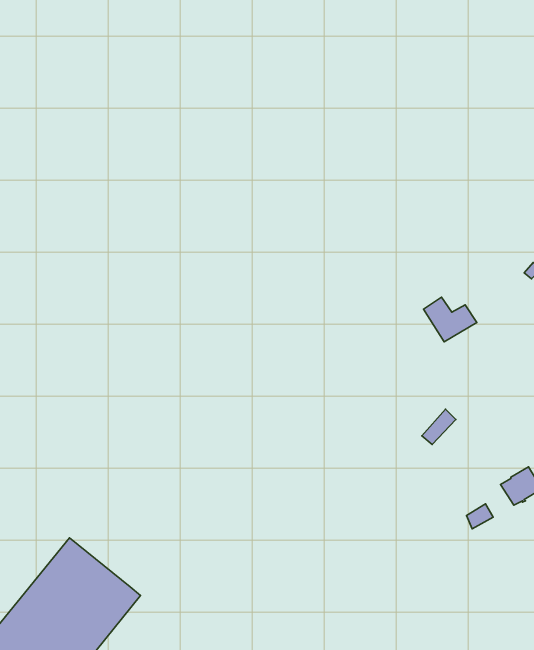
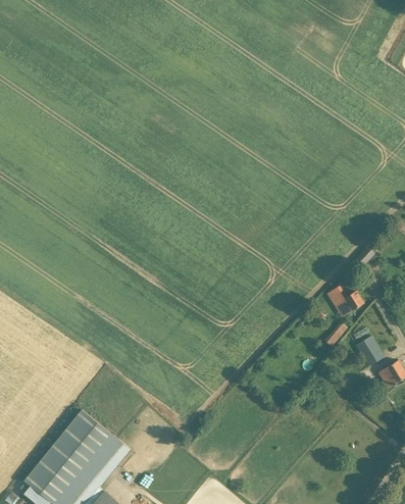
building: [424,297,477,342] -> [327,287,364,317]
building: none -> [356,337,385,367]

